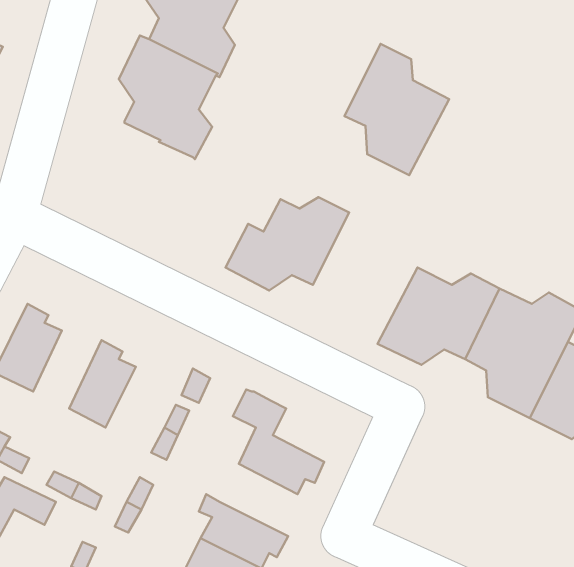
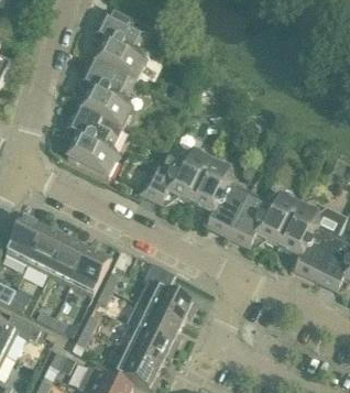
building: [344,44,449,175] -> [190,160,251,236]
building: none -> [64,105,121,176]
building: none -> [29,228,68,273]
building: none -> [70,249,112,295]
building: none -> [136,305,182,347]

